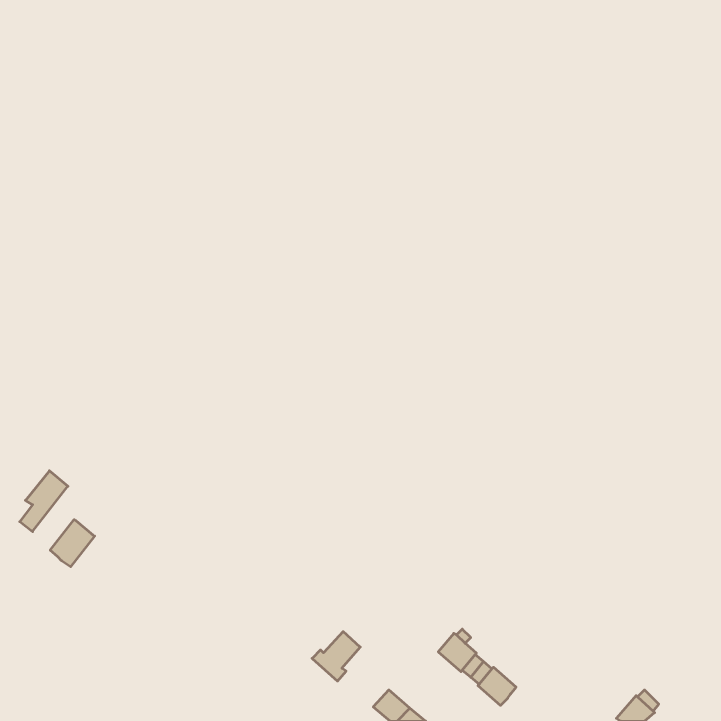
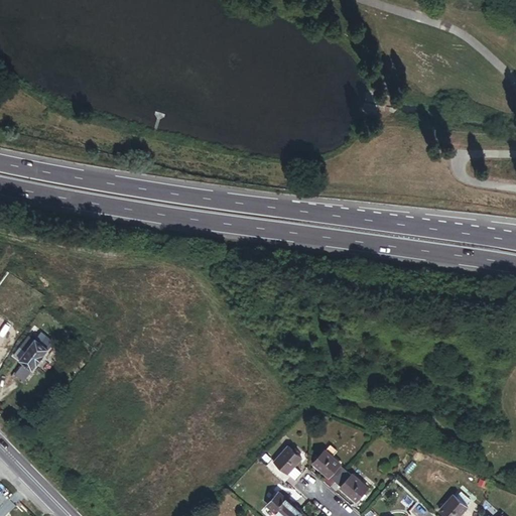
building: [50,520,95,567] -> none
building: [312,632,360,681] -> [267,447,301,483]

